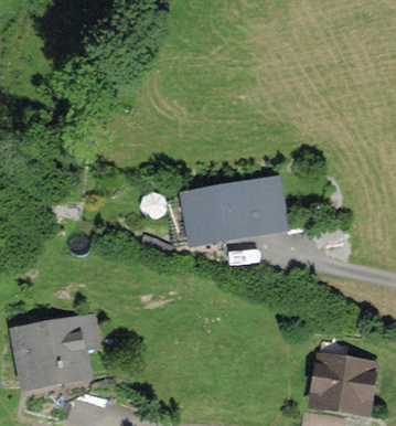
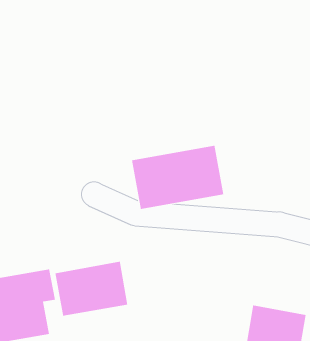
building: none -> [55,261,128,316]

